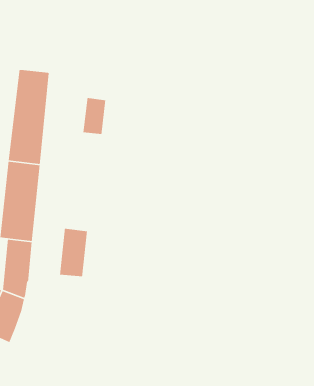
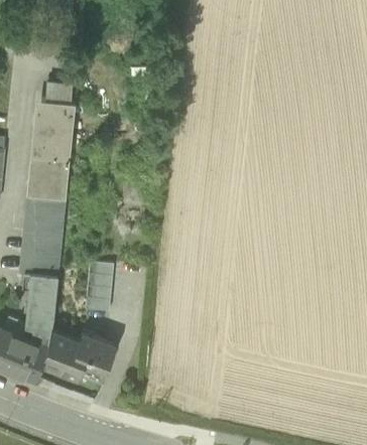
building: none -> [44,84,75,104]
building: [82,97,106,135] -> none
building: none -> [39,332,113,381]

